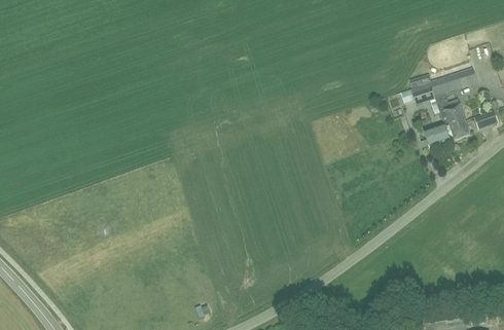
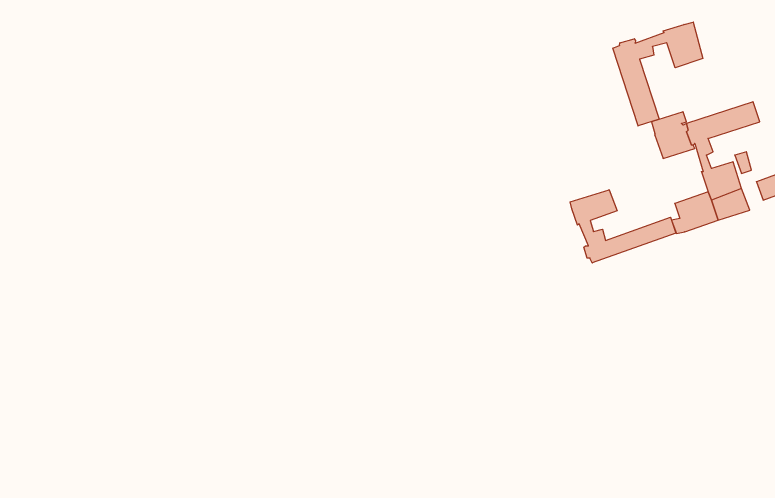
building: none -> [613,22,703,126]
building: none -> [570,190,676,263]

